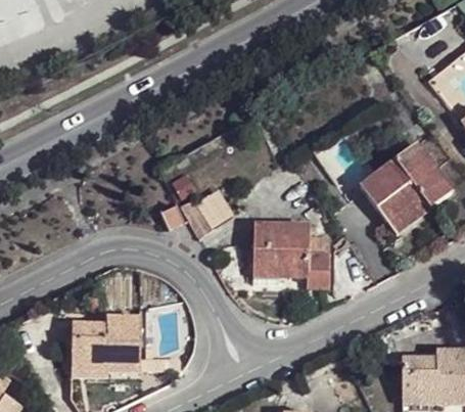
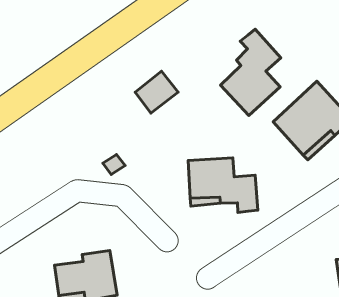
building: none -> [220,29,281,115]
building: [185,186,235,233] -> [135,71,178,113]

